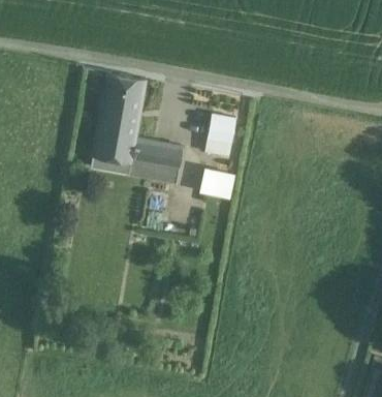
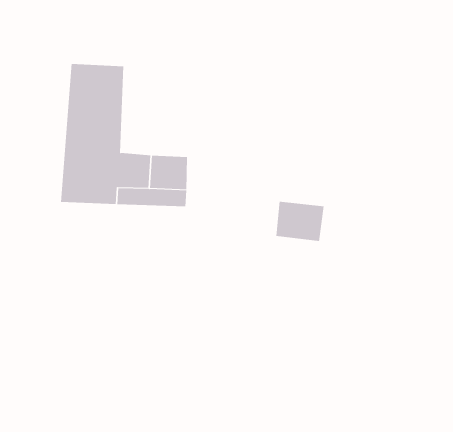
building: [208,114,235,142] -> none
building: [199,166,235,197] -> [275,201,325,242]

